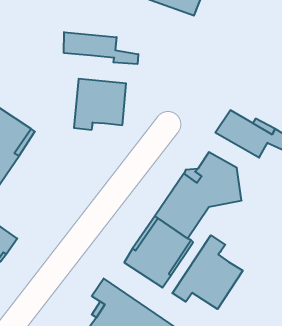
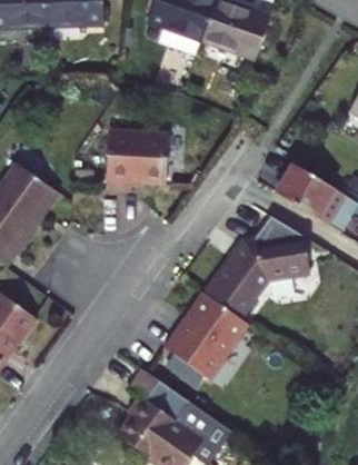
building: [64,32,138,64] -> none
building: [172,235,243,309] -> none

